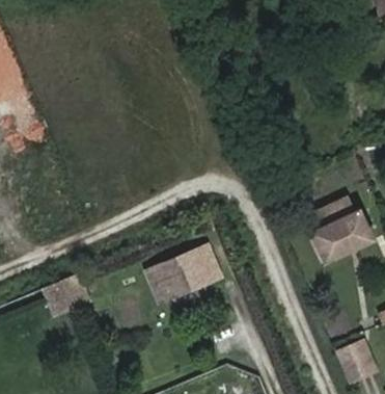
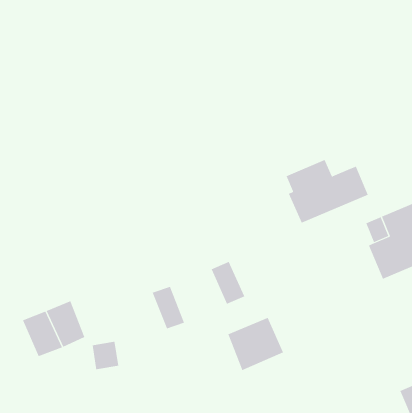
building: none -> [286,159,369,224]
building: [159,252,203,294] -> [228,317,284,371]

